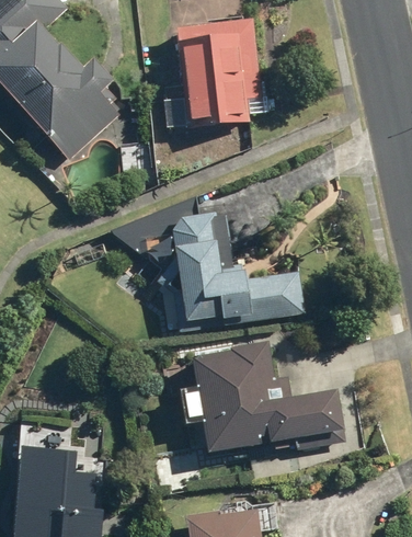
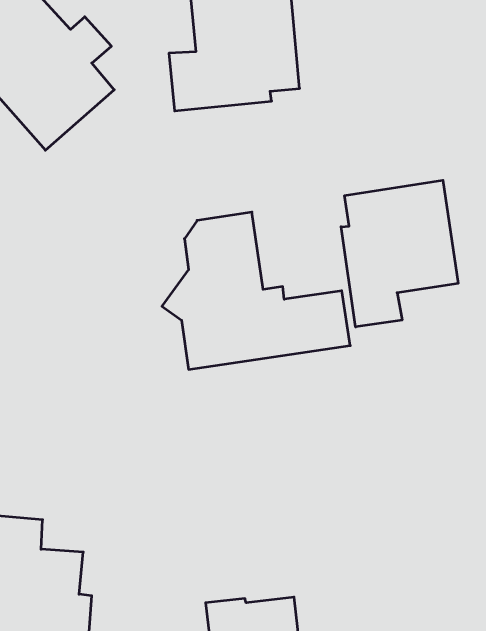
building: none -> [341,180,458,327]
building: [195,341,345,453] -> none

